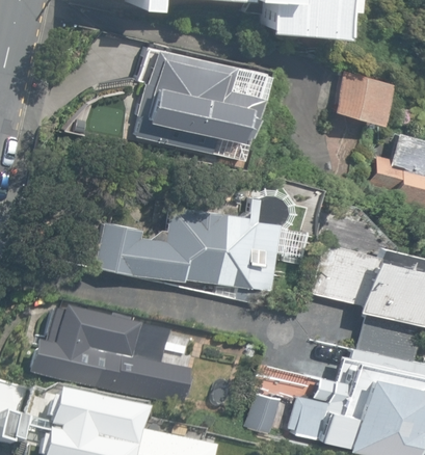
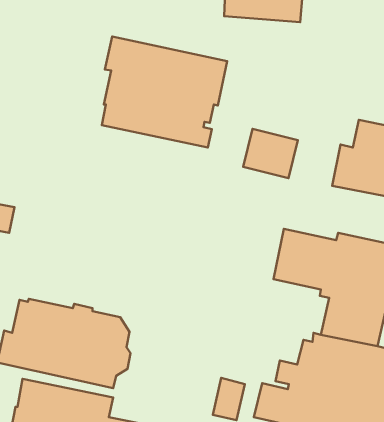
building: [331,70,387,119] -> [243,129,298,178]
building: [95,193,288,290] -> none

